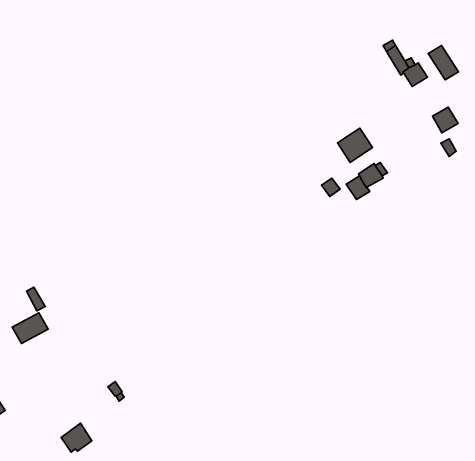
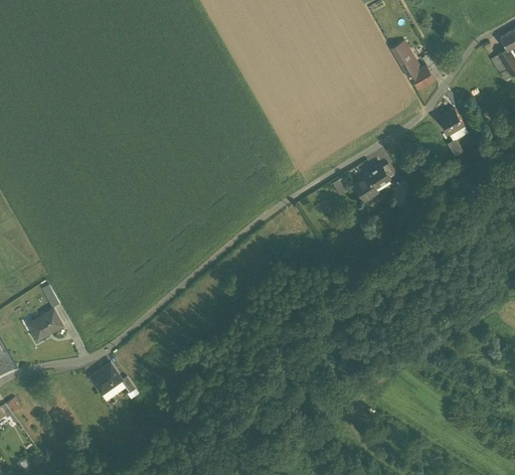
building: [428,45,458,80] -> none
building: [337,128,372,162] -> none
building: [61,423,92,452] -> [92,362,122,390]

